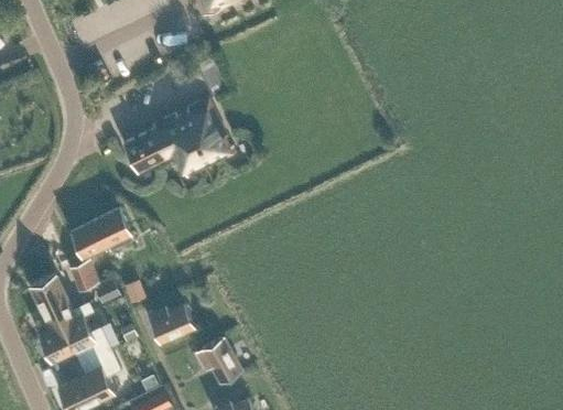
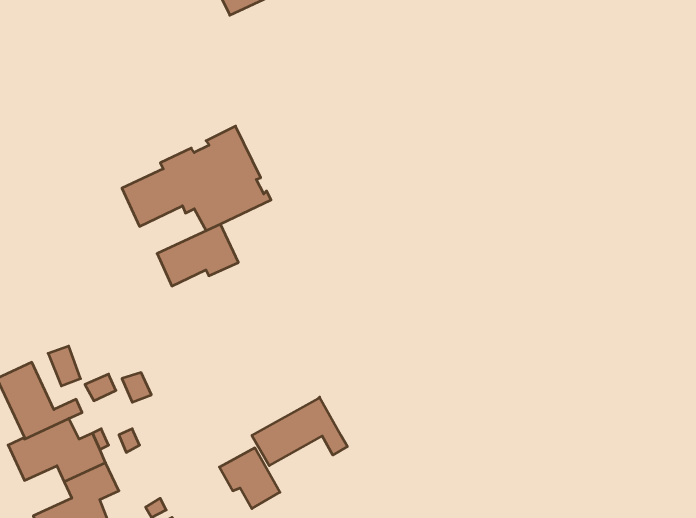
building: [73,212,133,258] -> [157,224,238,286]
building: none -> [252,397,347,466]
building: [148,306,195,345] -> none

